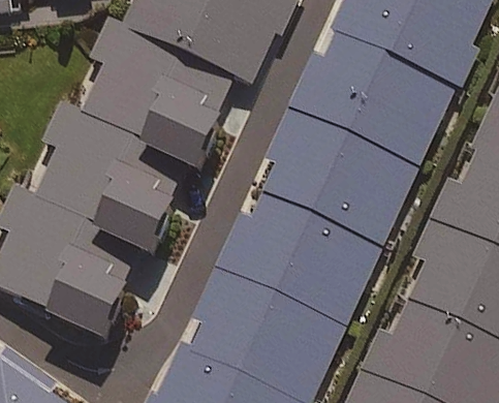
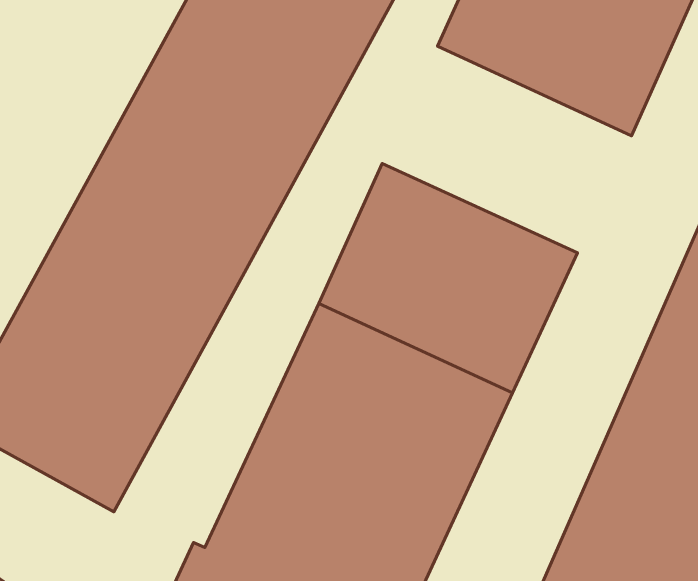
building: [288,32,446,163] -> none

